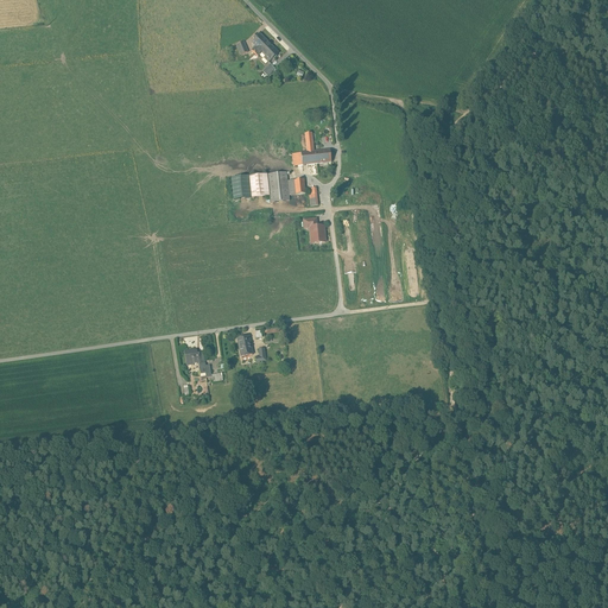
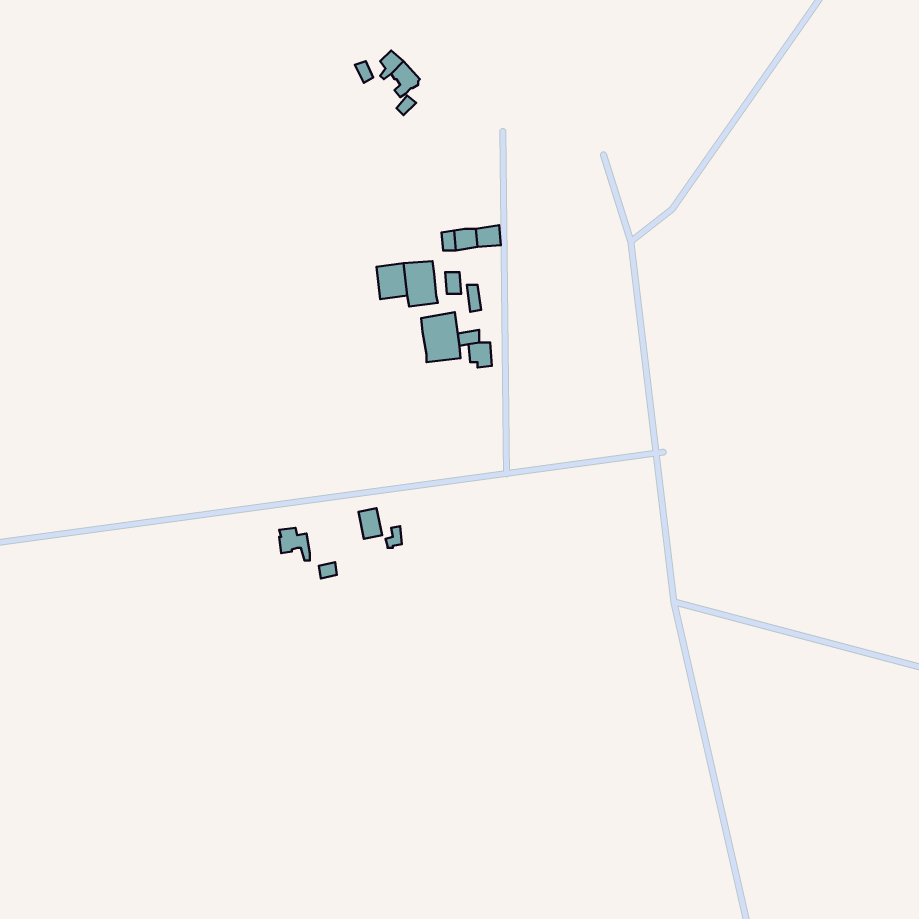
building: none -> [421,312,460,362]

